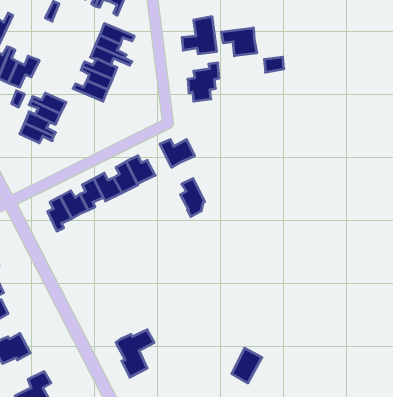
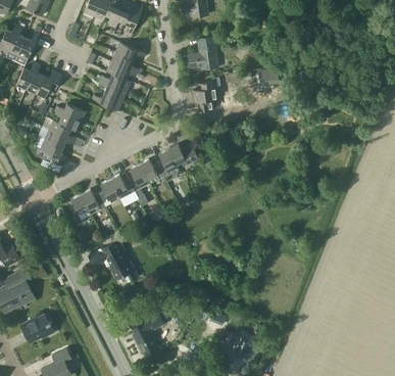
building: [221,28,257,56] -> none
building: none -> [40,139,67,167]
building: [180,179,205,217] -> [157,148,179,182]
building: none -> [88,235,137,281]

